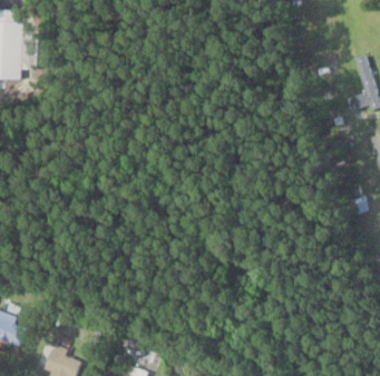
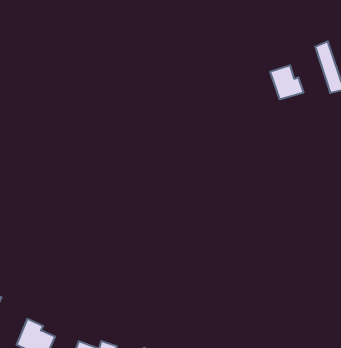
building: none -> [270,65,303,99]

